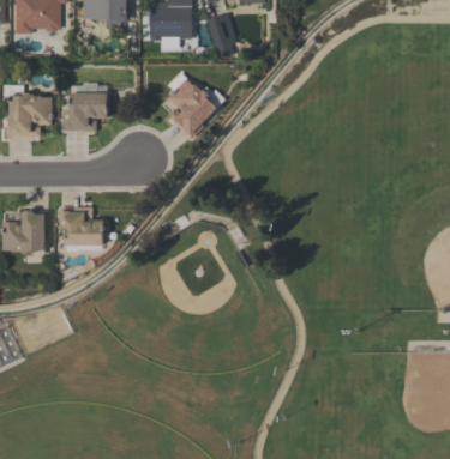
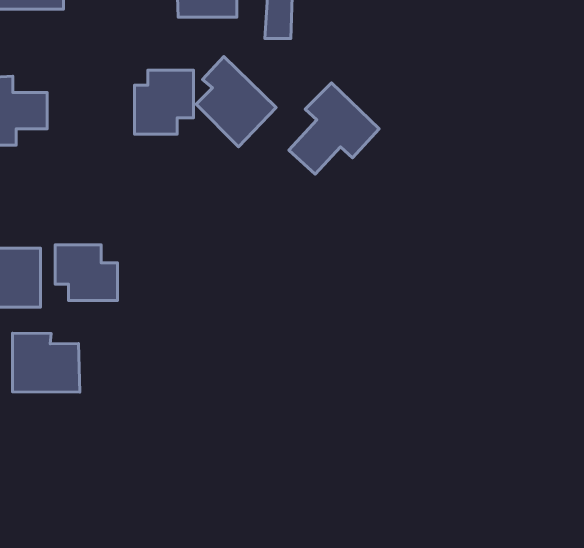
building: [64,84,107,131] -> [135,70,194,134]
building: none -> [289,83,379,174]
building: none -> [13,333,80,392]

